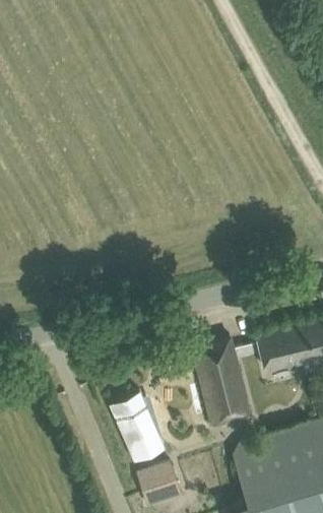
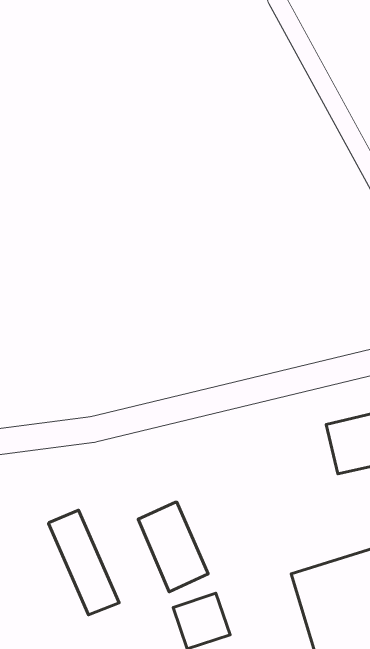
building: [192,341,247,430] -> none
building: none -> [49,510,119,615]

